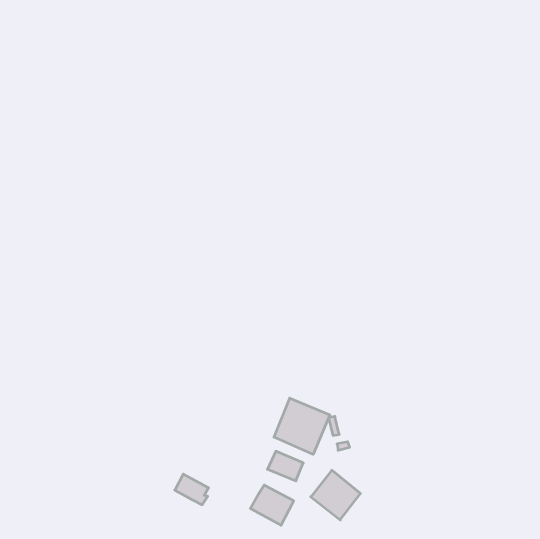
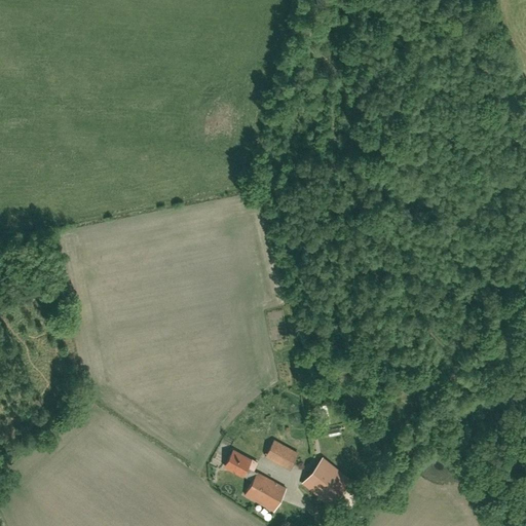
building: [274,398,330,454] -> none
building: [175,474,209,505] -> [225,451,258,481]

